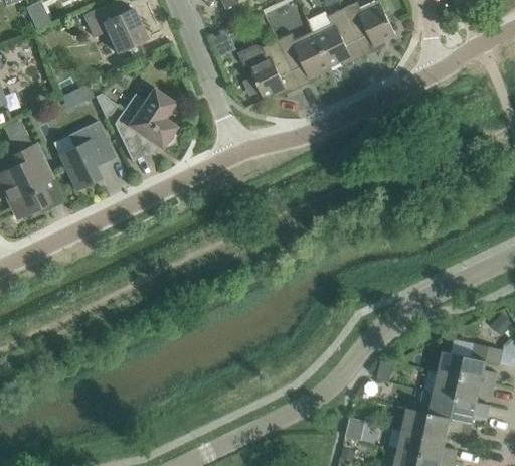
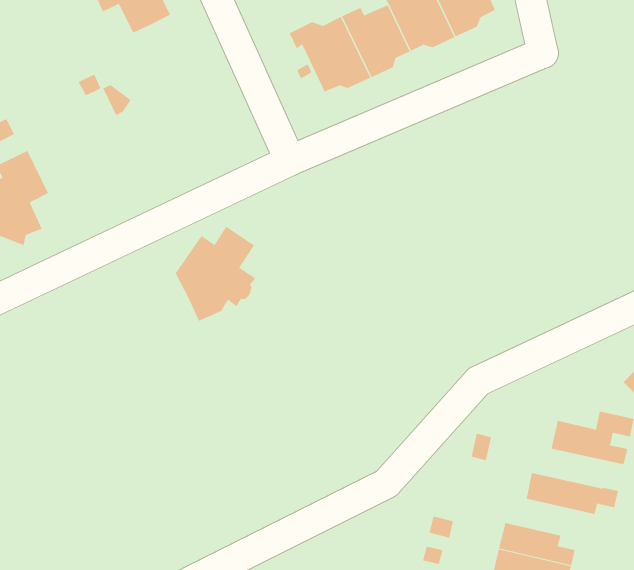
building: [114,87,176,160] -> [175,226,256,322]
building: [58,121,116,190] -> none
building: [423,369,495,403] -> none
building: [403,408,473,439] -> none

